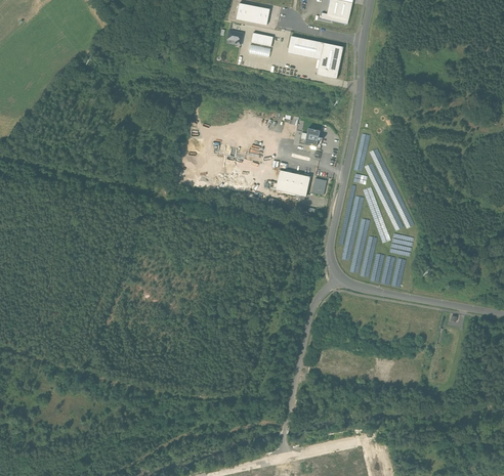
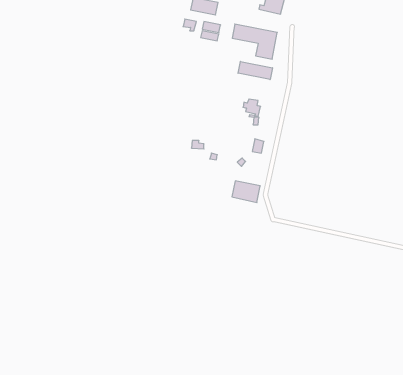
building: none -> [238,61,272,80]
building: [275,170,309,197] -> [232,181,260,203]

